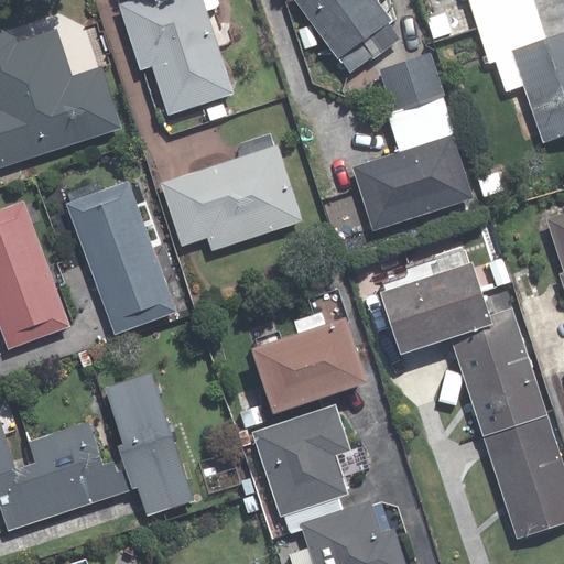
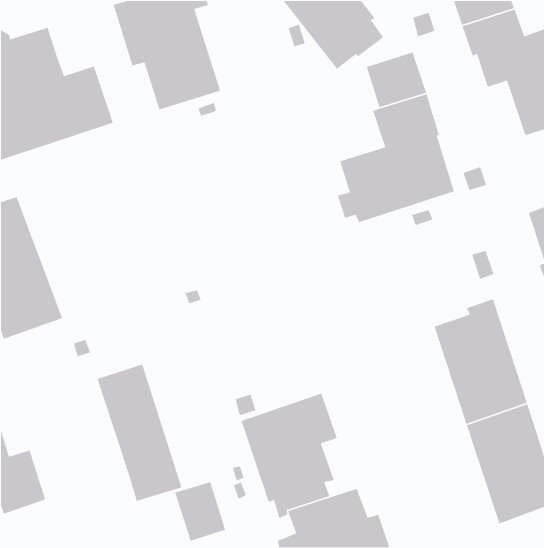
building: [161,132,302,249] -> none
building: [66,180,175,334] -> none
building: [373,261,486,354] -> none
building: [247,318,364,414] -> none
building: [29,422,135,513] -> none
building: none -> [174,481,226,542]

